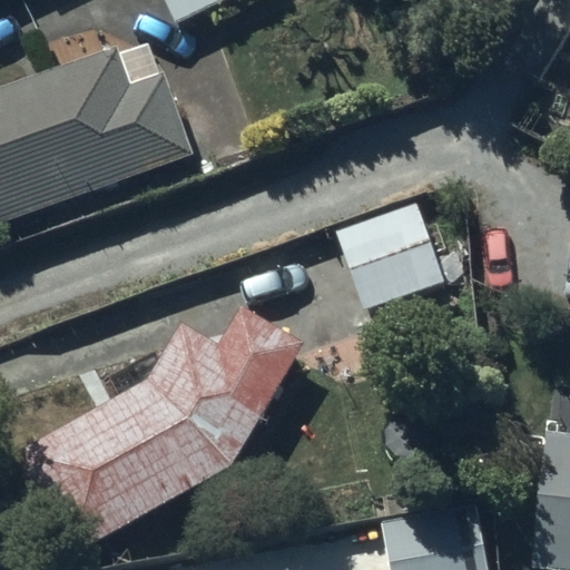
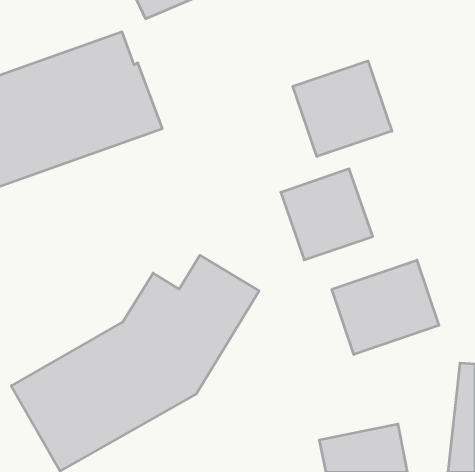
building: none -> [293,61,392,157]
building: none -> [332,260,439,355]

